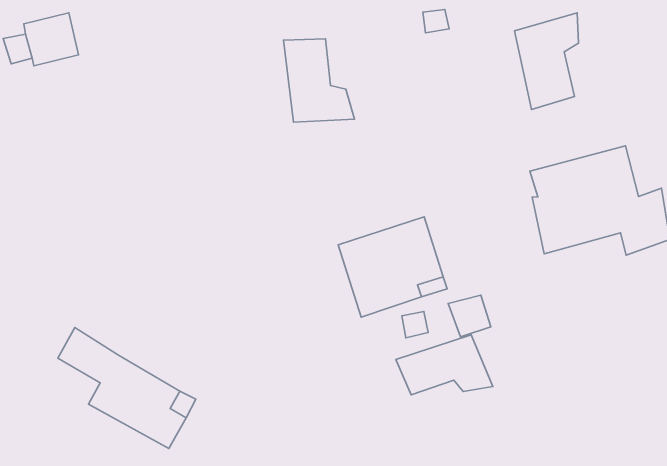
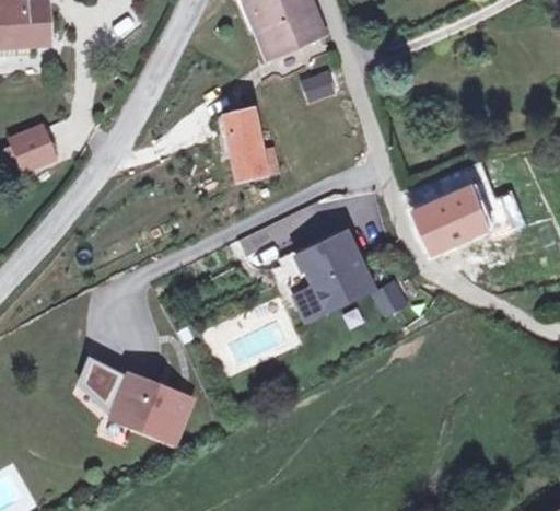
building: [515,13,578,110] -> none
building: [396,335,493,395] -> none

